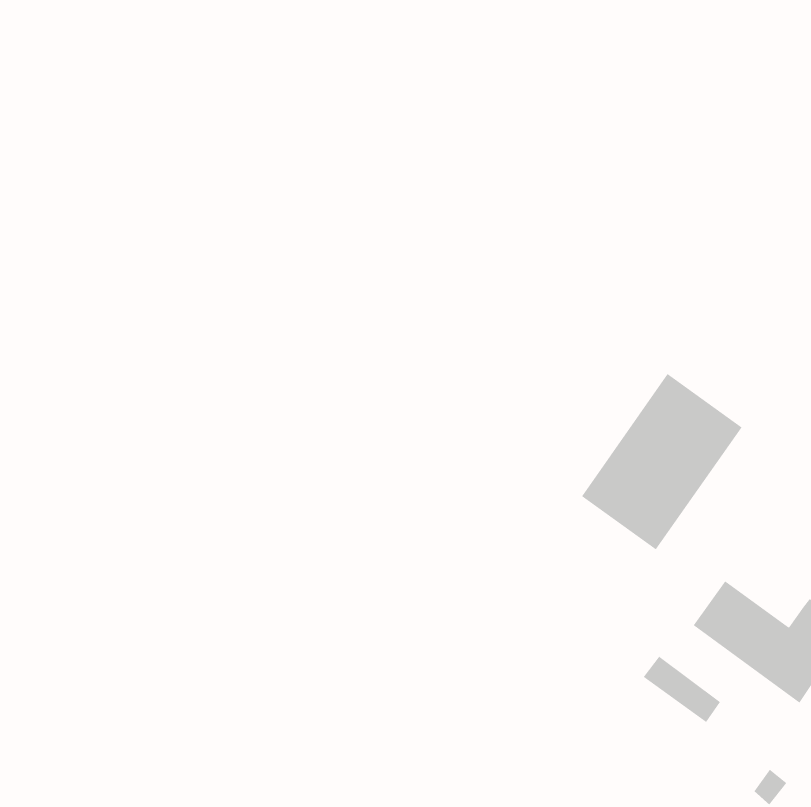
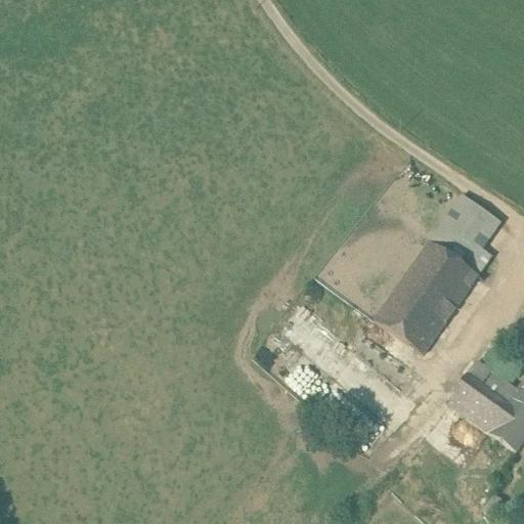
building: none -> [431,193,499,274]
building: [643,656,721,723] -> [468,359,518,402]

